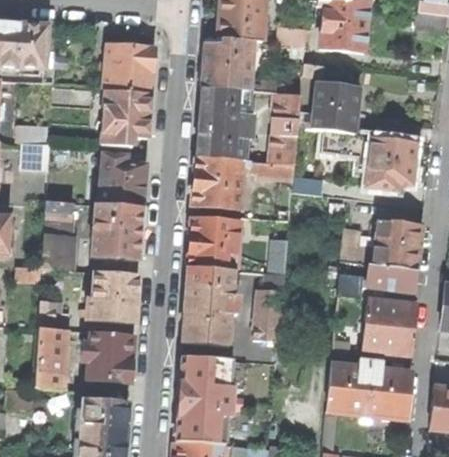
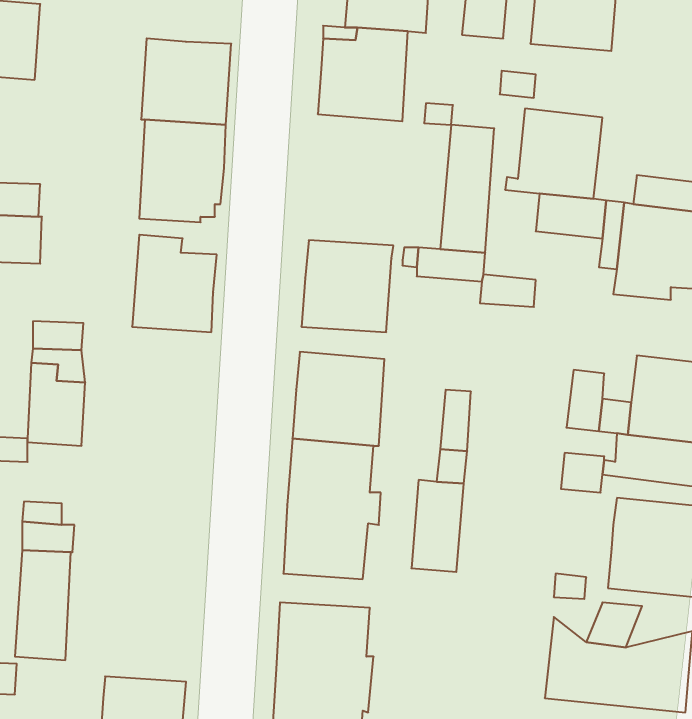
building: [197,86,252,159] -> none
building: [91,204,143,260] -> none
building: [86,272,137,321] -> none
building: [82,331,133,381] -> none

